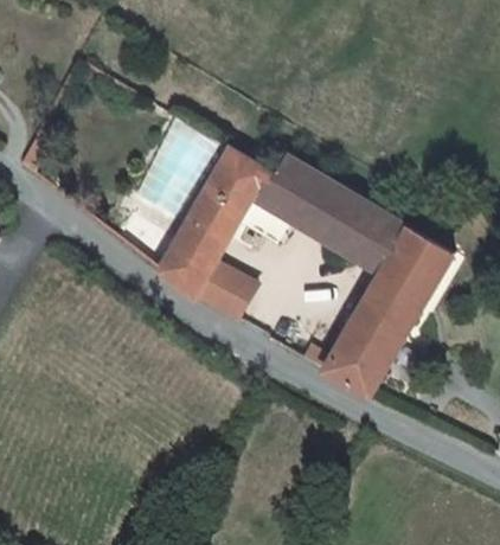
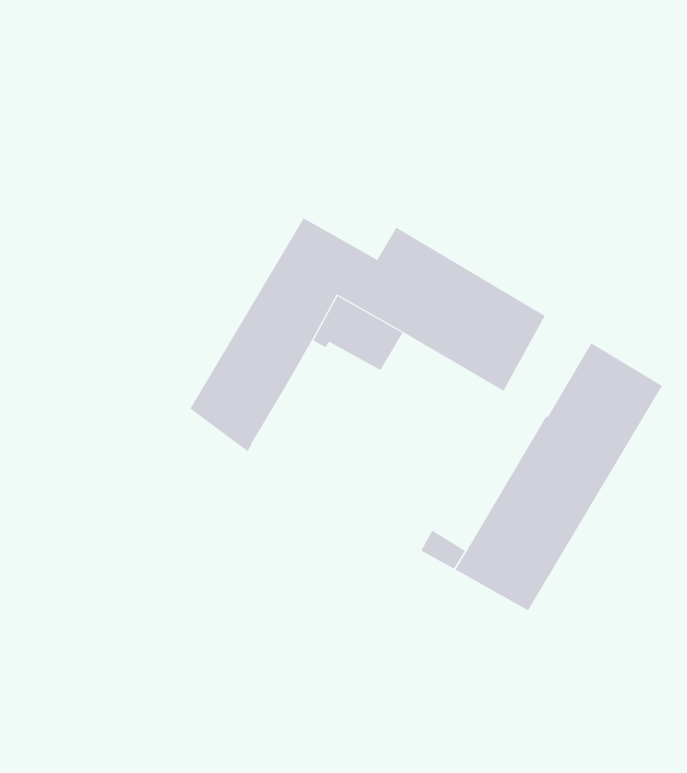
building: [354,210,409,272] -> none
building: [197,258,257,315] -> none

